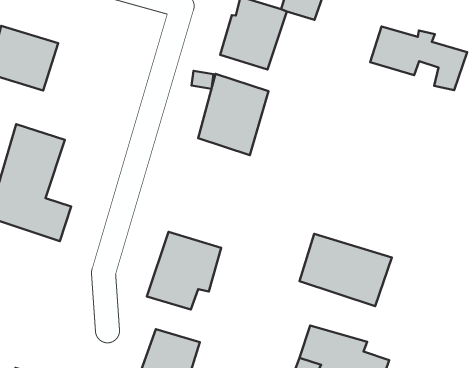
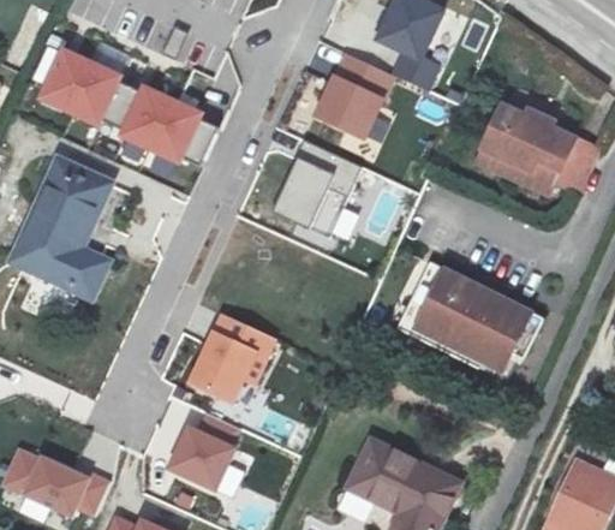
building: none -> [114,78,202,162]
building: none -> [474,145,563,195]
building: [300,234,392,306] -> [413,276,525,371]

